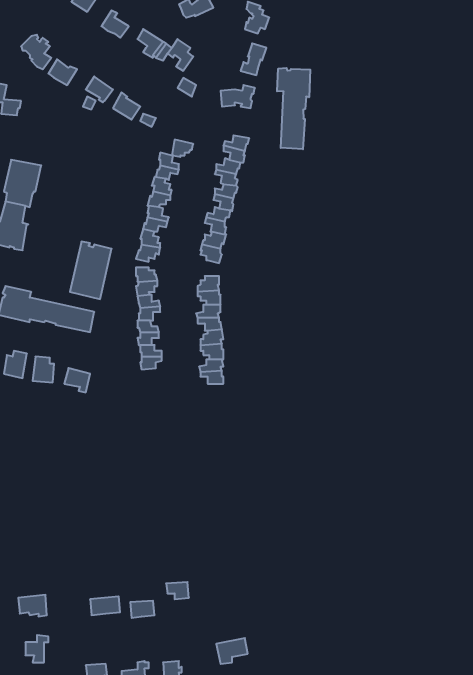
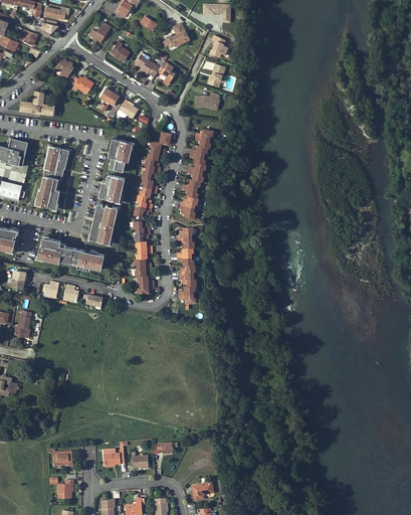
building: [277,68,310,149] -> none
building: none -> [108,139,132,172]
building: none -> [98,175,124,202]

